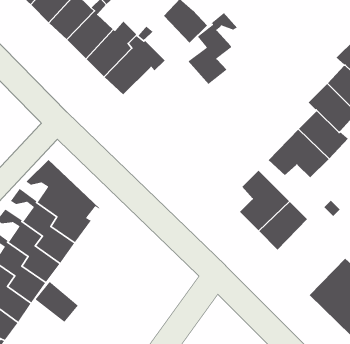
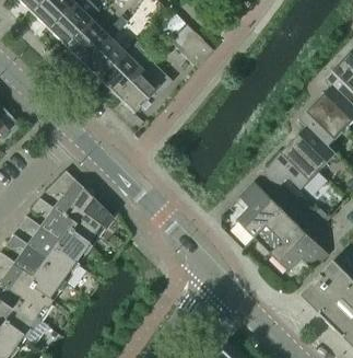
building: [188,12,238,85] -> none
building: none -> [273,226,329,270]
building: [34,281,79,323] -> none

